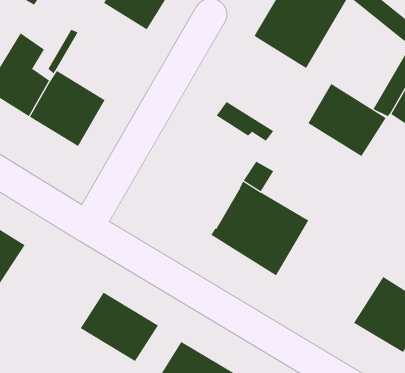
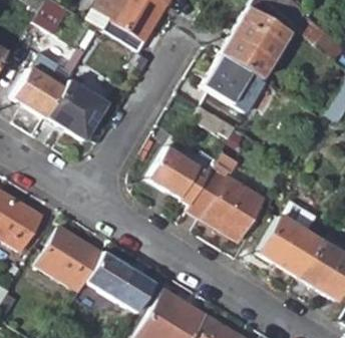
building: [308,83,387,157] -> [204,55,265,112]
building: none -> [148,147,210,204]
building: none -> [260,216,321,277]
building: none -> [38,227,104,291]

